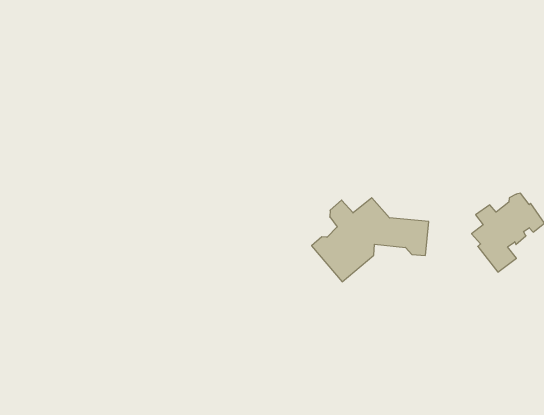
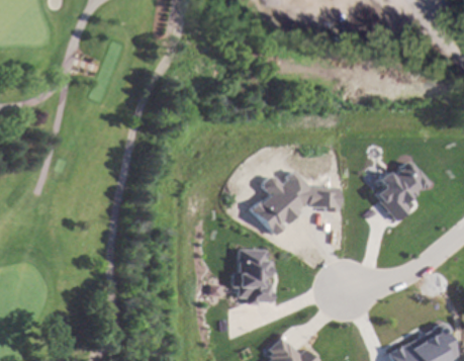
building: none -> [234,250,272,304]

